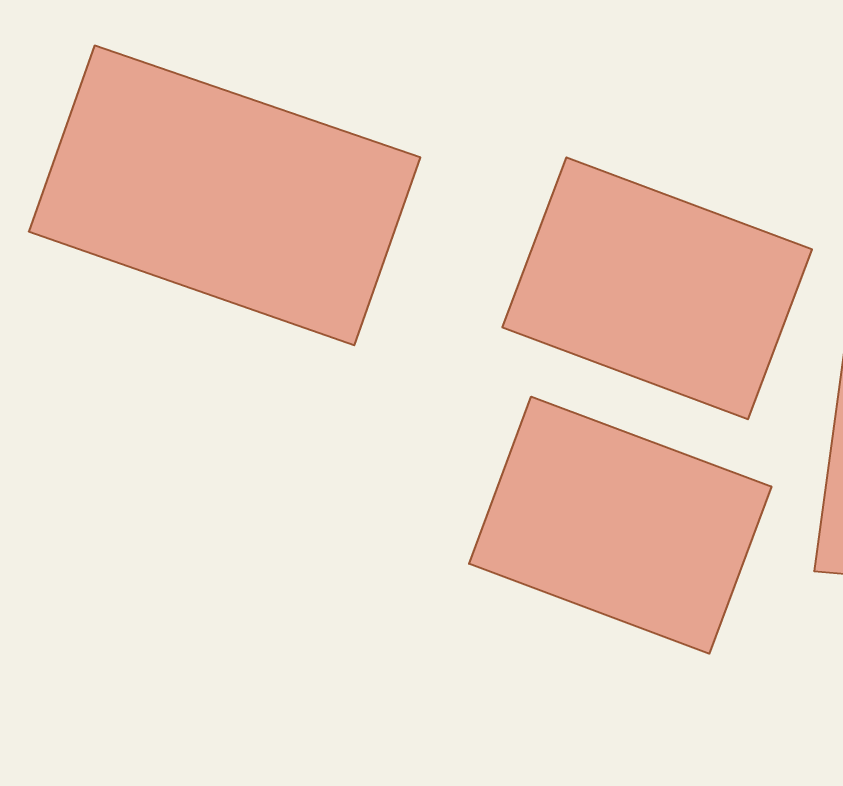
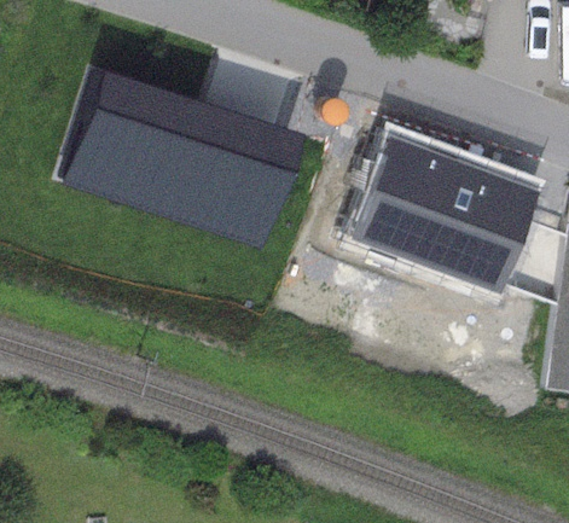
building: [469,397,771,654] -> none

